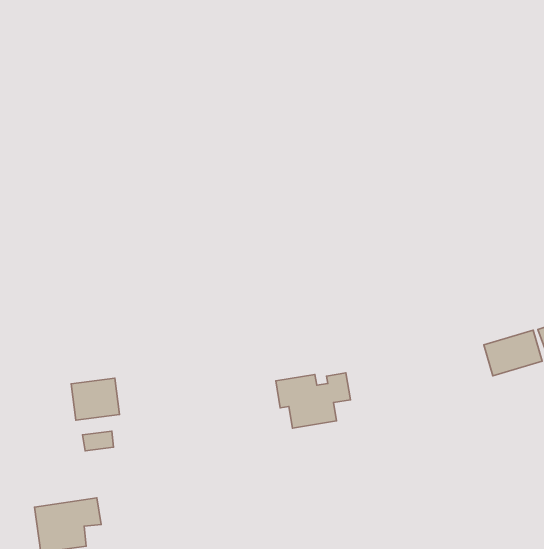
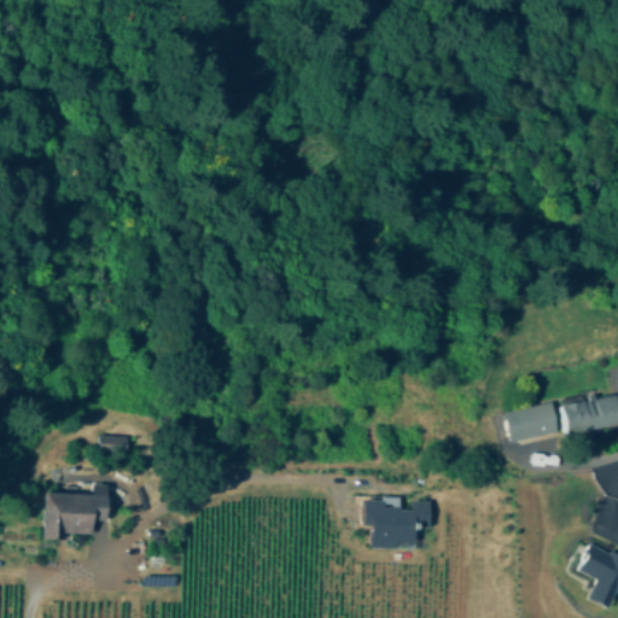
building: [276,373,351,428] -> [365,495,433,543]
building: [71,378,120,420] -> none

